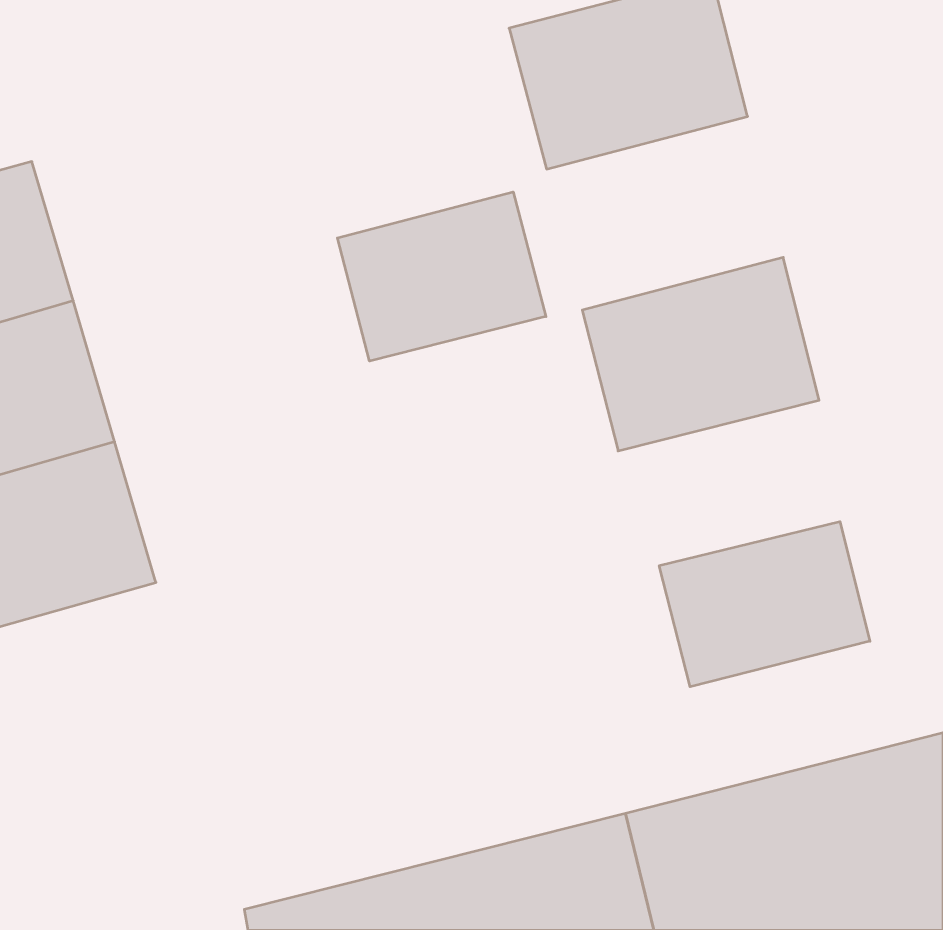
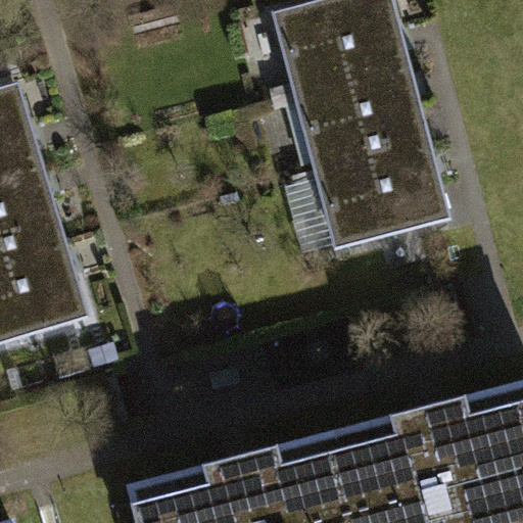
building: none -> [297,63,426,169]
building: [337,192,546,361] -> none
building: [659,522,870,687] -> none

